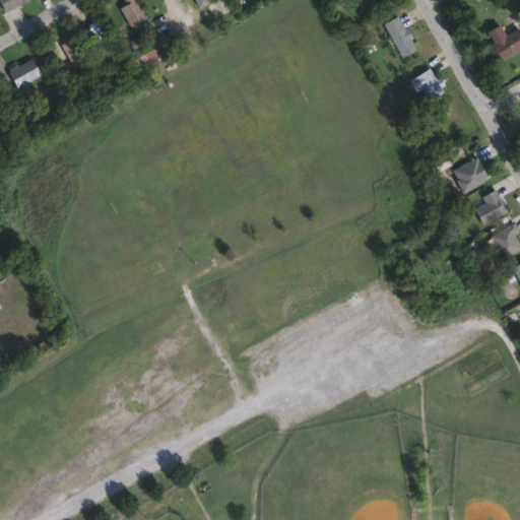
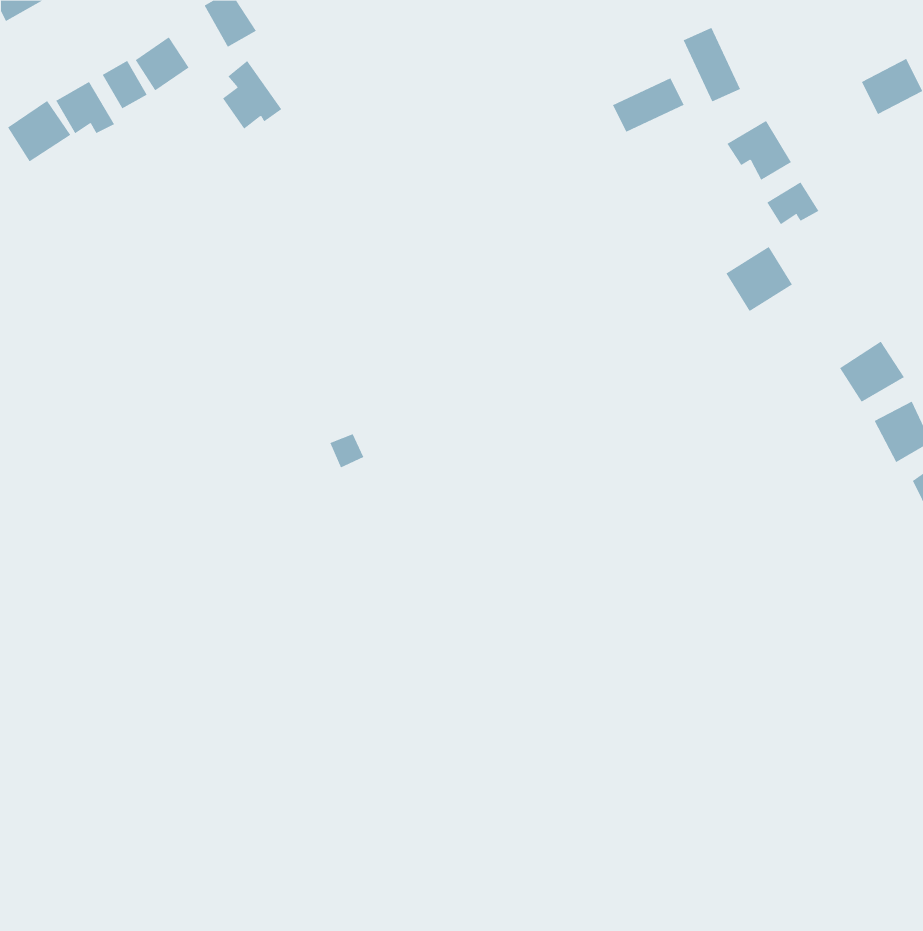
building: none -> [612,77,684,133]
building: none -> [55,81,115,134]
building: none -> [766,181,819,225]
building: [452,156,490,193] -> [725,246,793,312]

